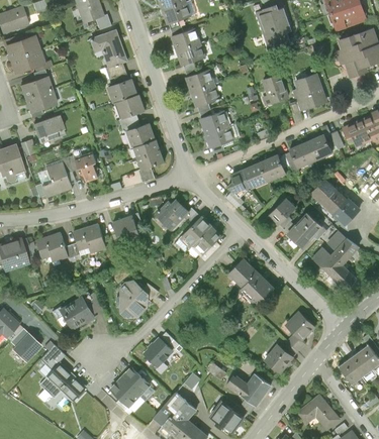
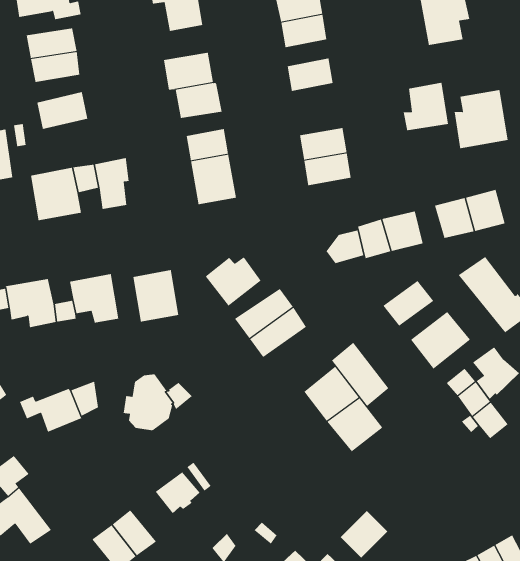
building: [189,85,220,109] -> none
building: none -> [331,342,389,407]
building: [283,311,315,343] -> none

